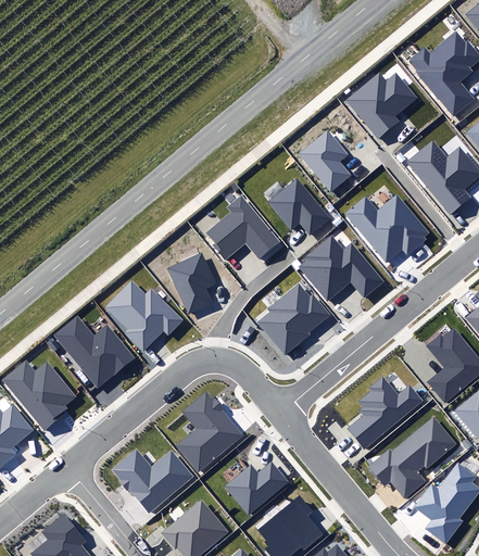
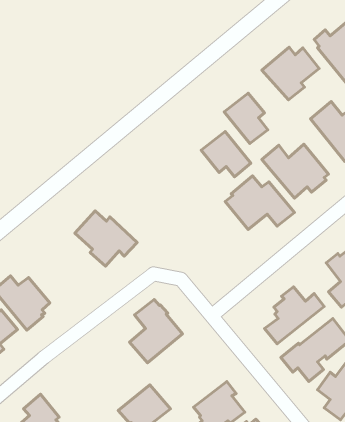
building: [209,195,281,262] -> none
building: [167,252,217,313] -> none
building: [259,283,330,355] -> none
building: [53,315,135,389] -> none
building: [113,451,193,514] -> none
building: [225,462,289,515] -> none

